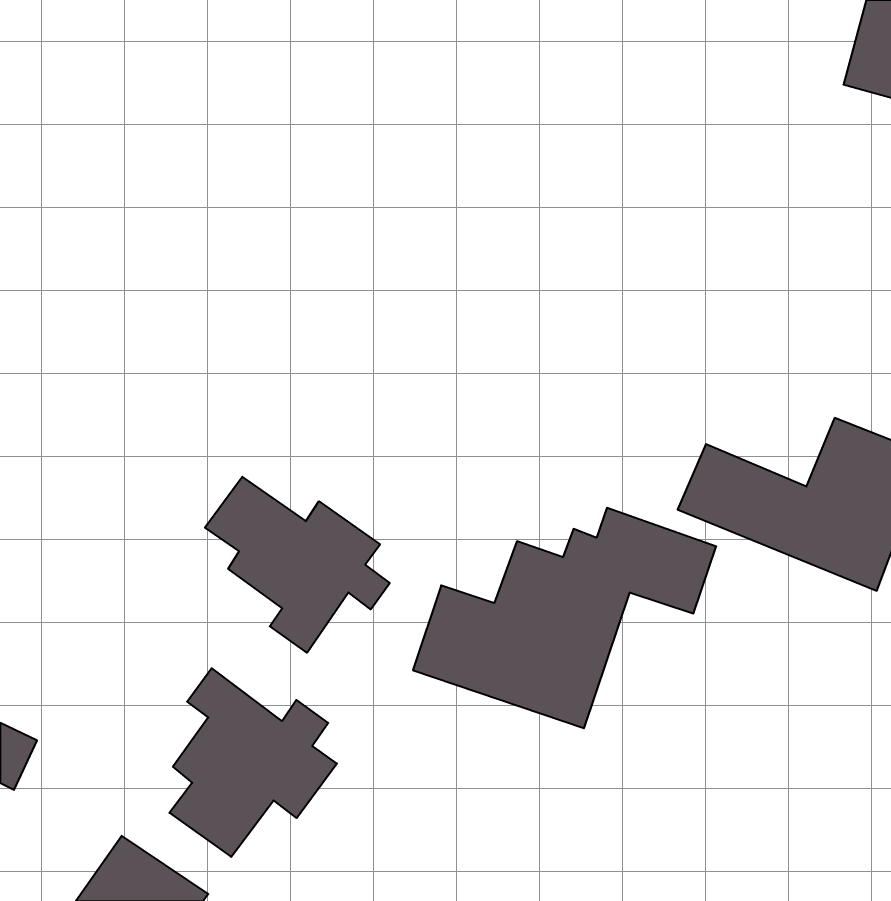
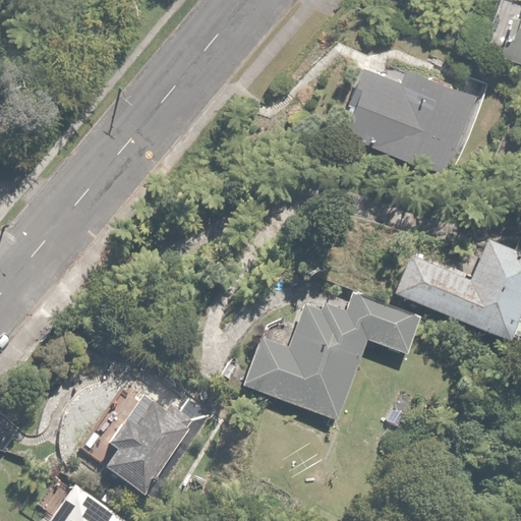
building: none -> [346,48,482,172]
building: [205,477,390,653] -> none

